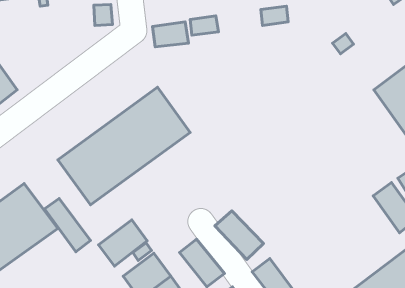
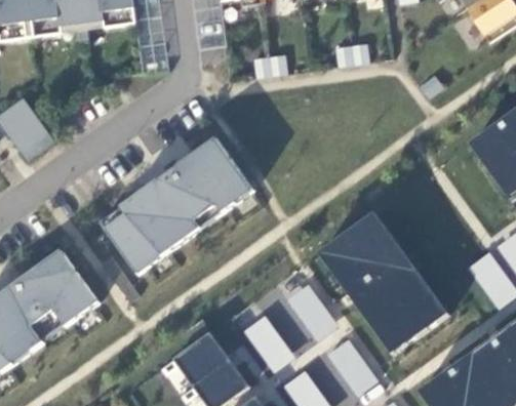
building: [153,22,189,47] -> none
building: none -> [318,208,448,352]
building: [45,198,90,252] -> none
building: [98,220,147,266] -> none

